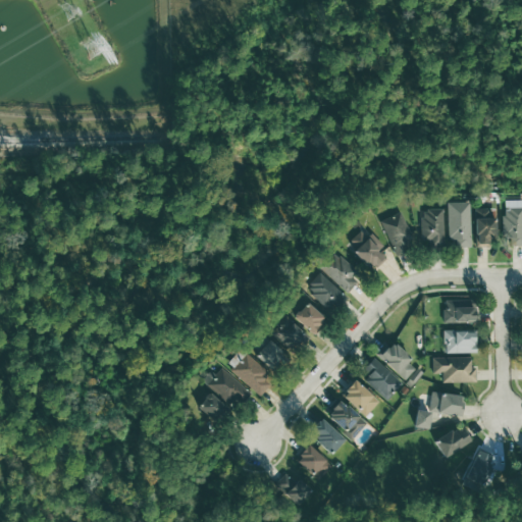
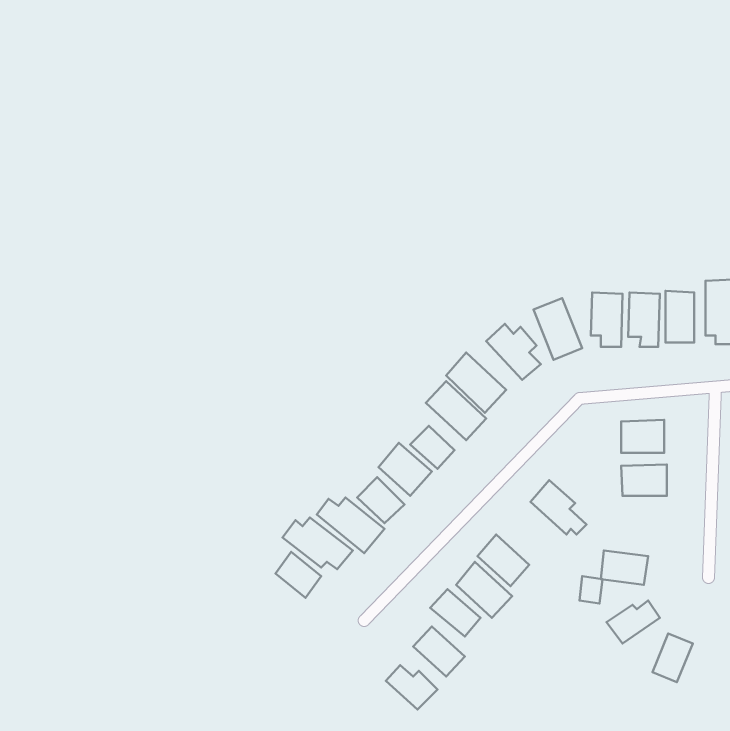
building: [432,356,476,382] -> none
building: [363,357,402,400] -> none

